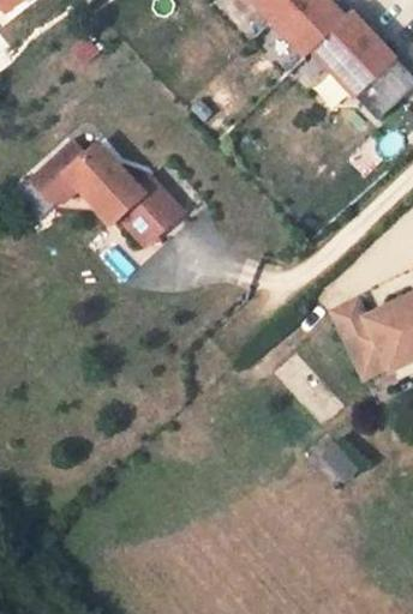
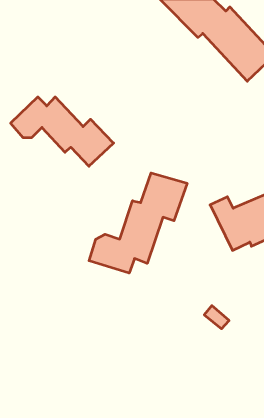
building: none -> [89,173,187,273]

